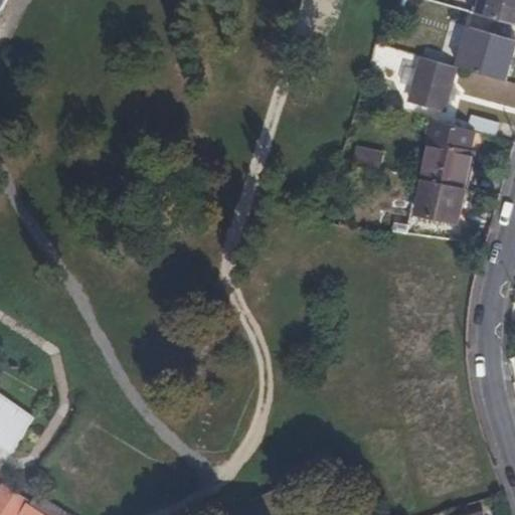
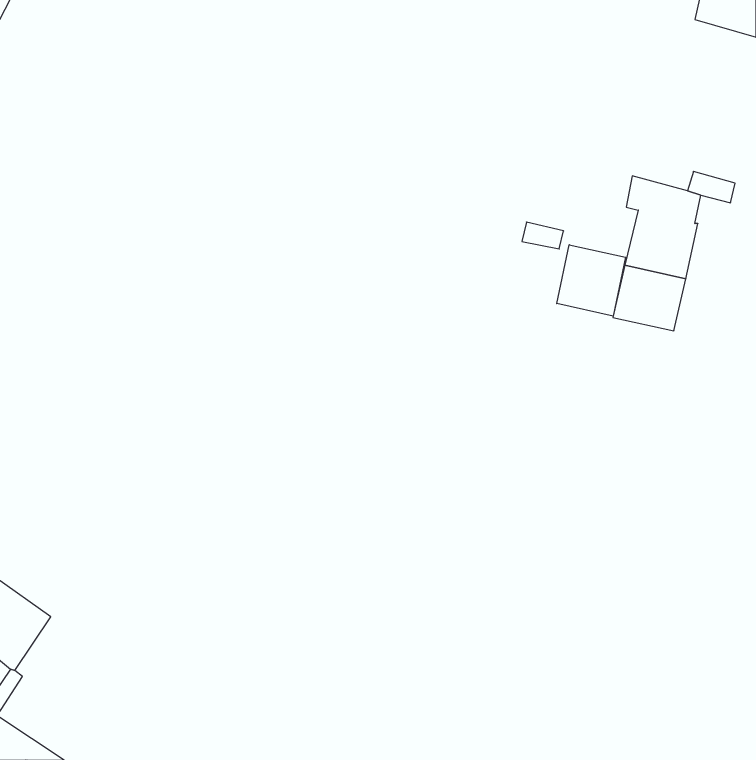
building: [460,22,506,79] -> none
building: [404,55,453,111] -> none
building: none -> [557,245,626,316]

